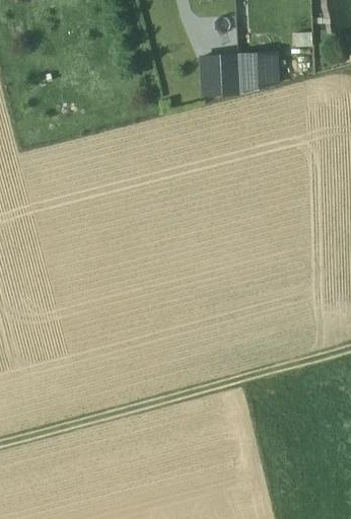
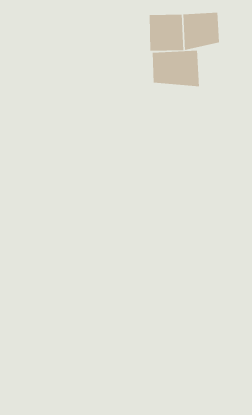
building: none -> [152,50,200,87]

